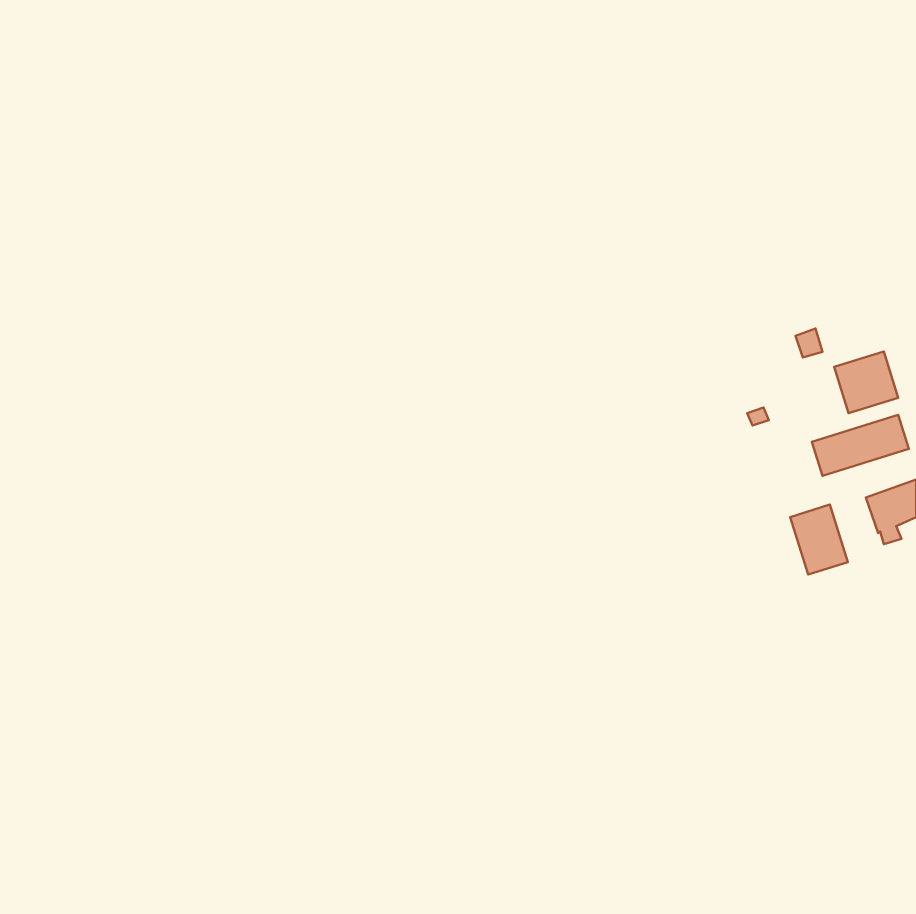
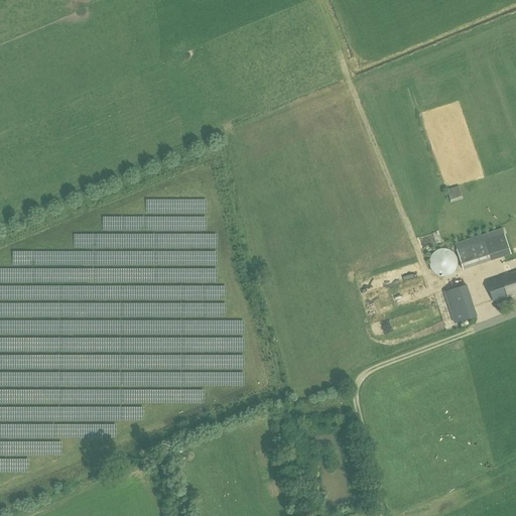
building: [834,351,898,413] -> none
building: none -> [428,246,457,275]

